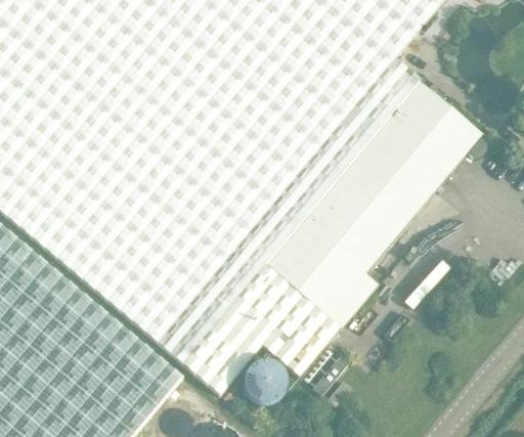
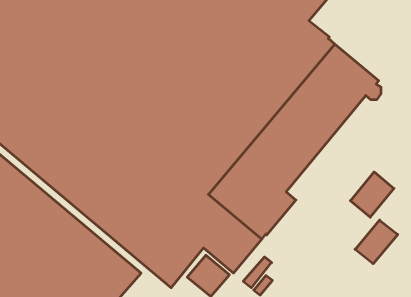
building: none -> [350,172,394,217]
building: none -> [355,220,398,264]

